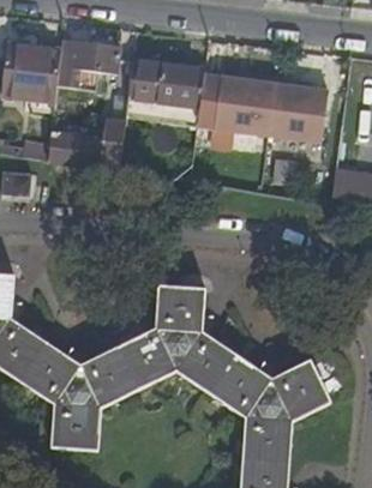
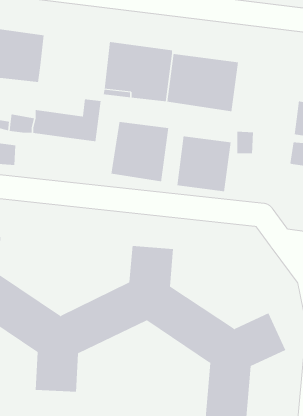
building: [58,40,120,88] -> none
building: [270,82,331,144] -> [176,136,231,192]
building: none -> [111,121,169,182]

